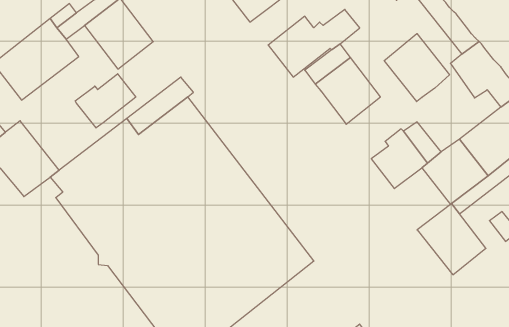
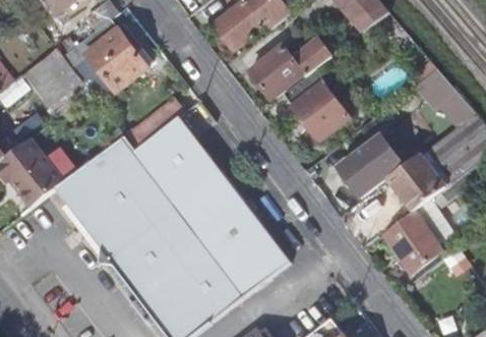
building: [384,34,449,102] -> none
building: [75,74,136,128] -> none

